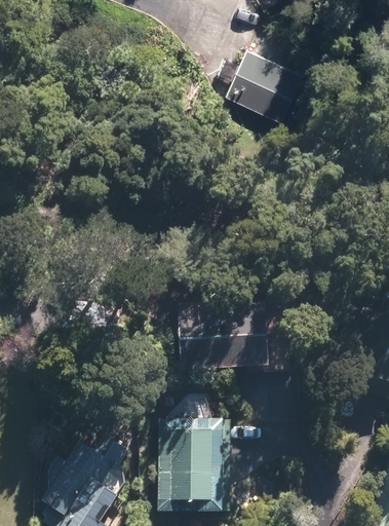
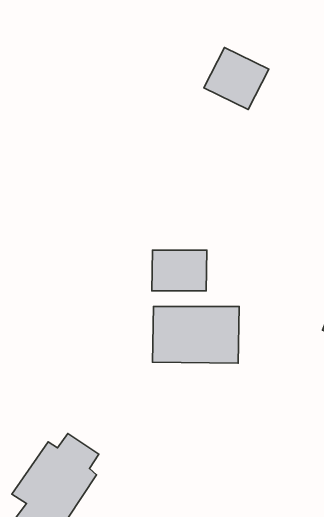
building: none -> [152,250,207,291]
building: [157,423,225,515] -> none

